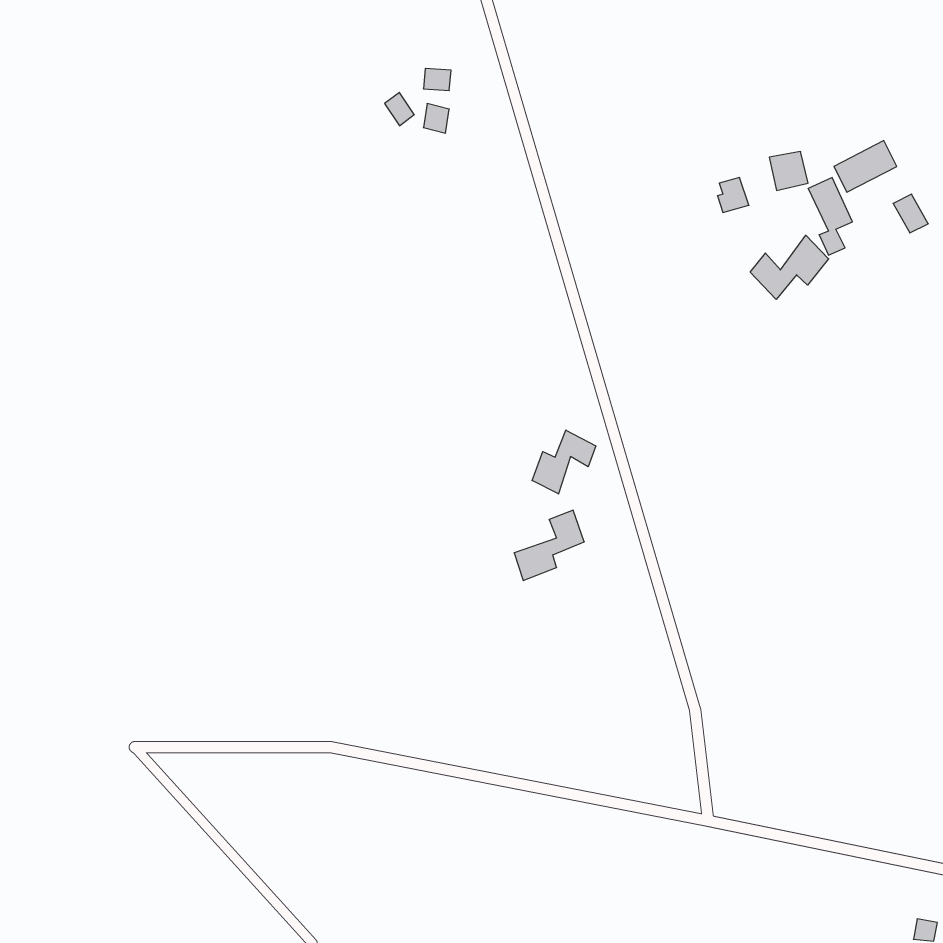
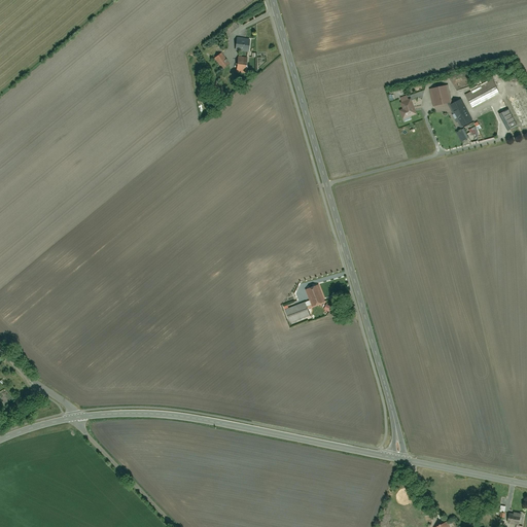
building: [750,235,829,299] -> none
building: [532,430,596,494] -> none

